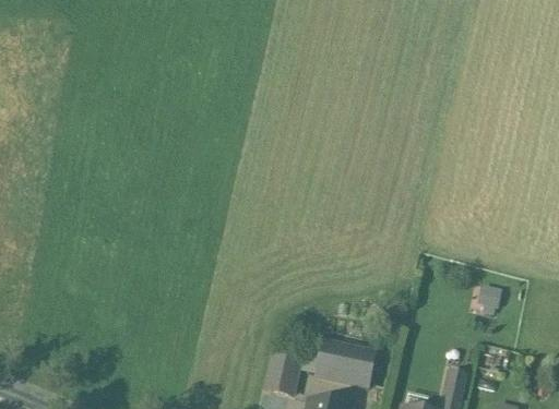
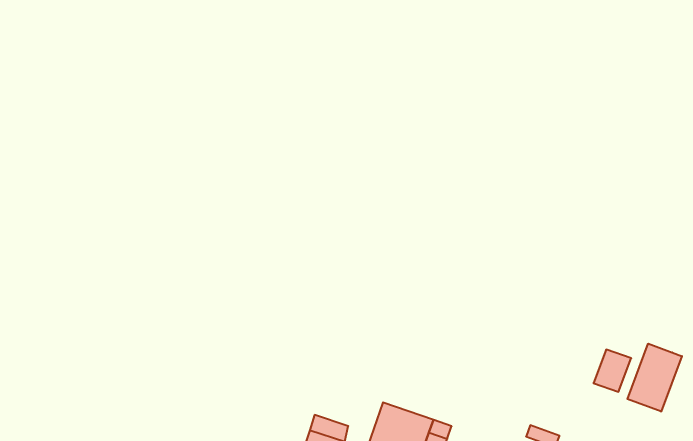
building: none -> [627,344,682,412]

